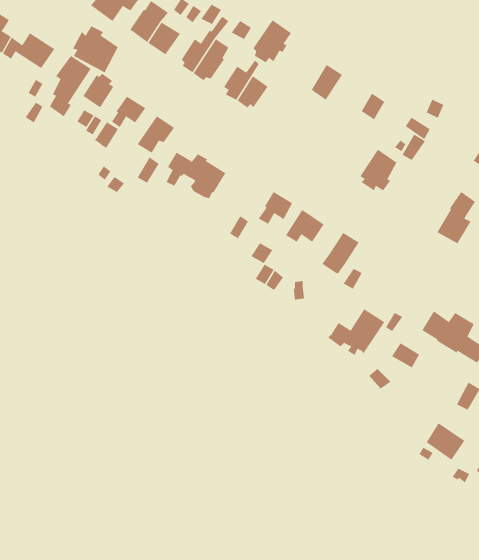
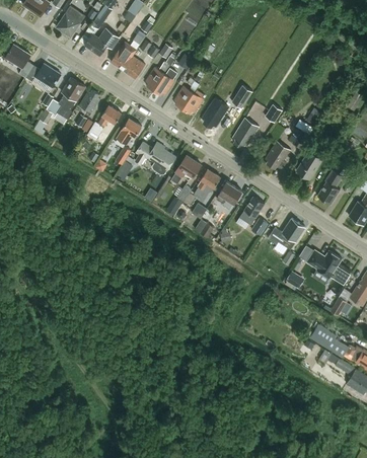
building: [253,19,292,63] -> [202,98,228,128]
building: [72,25,119,73] -> none
building: none -> [232,118,259,148]
building: none -> [296,150,322,179]
building: none -> [170,155,201,183]
building: [328,309,385,356] -> [267,219,305,250]

